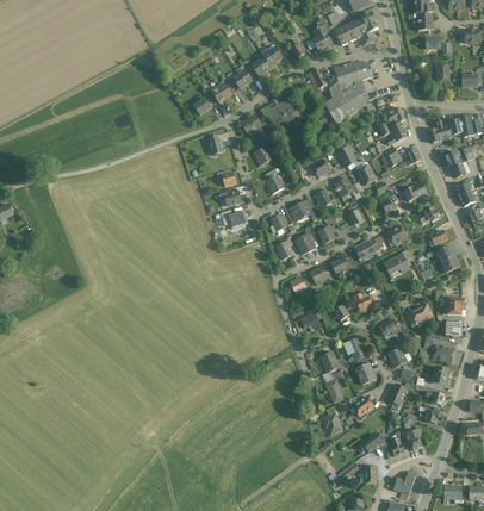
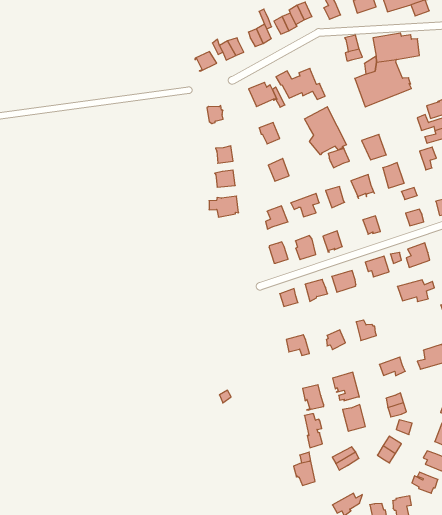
building: none -> [305,107,346,155]

